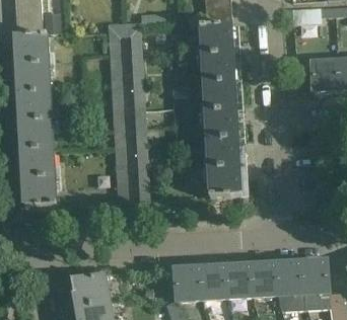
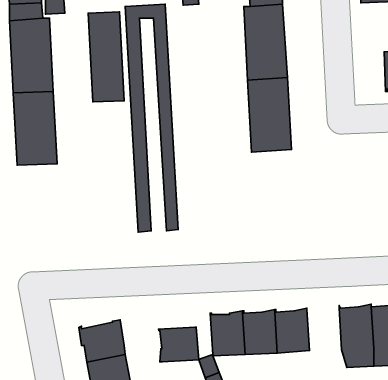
building: none -> [88,12,124,102]
building: [207,138,241,197] -> none
building: [22,149,57,207] -> none
building: [251,260,278,296] -> none
building: none -> [159,327,199,362]

